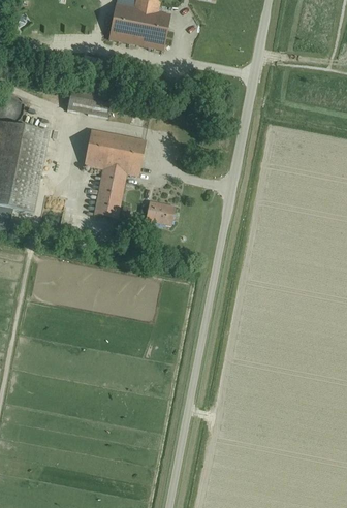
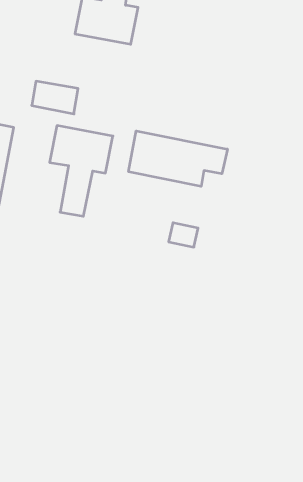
building: none -> [129,131,227,186]
building: [146,201,175,225] -> [169,223,198,247]

